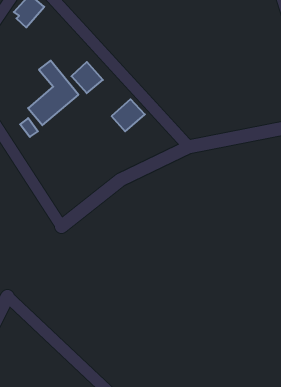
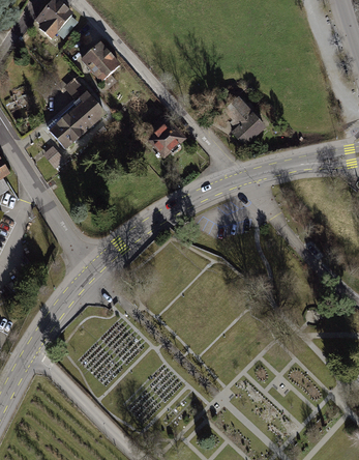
building: [71,62,103,93] -> [81,42,117,79]
building: none -> [220,95,263,142]

